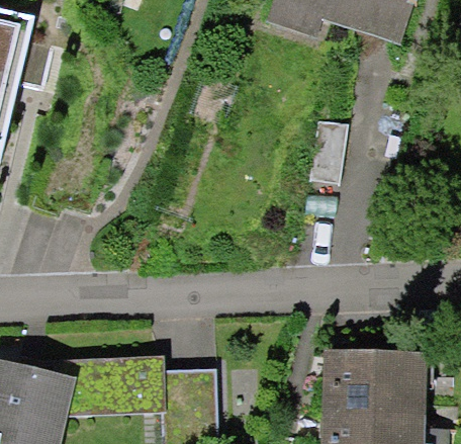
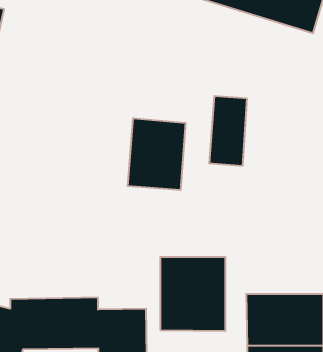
building: none -> [128,118,186,190]
building: none -> [161,257,225,331]

